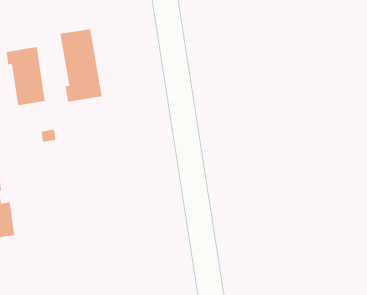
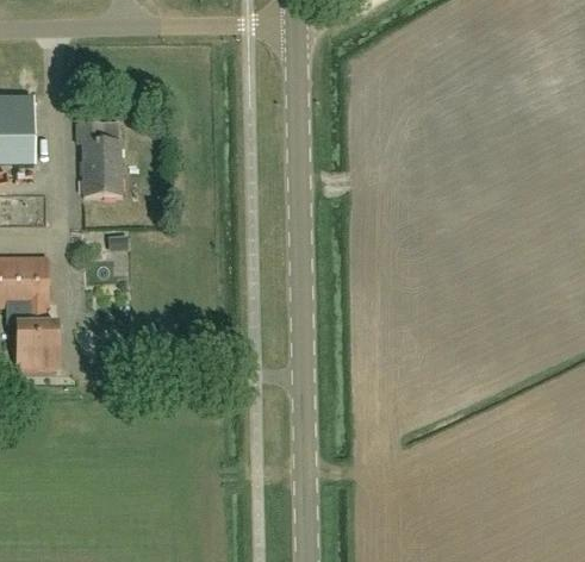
building: [60,28,102,102] -> none

